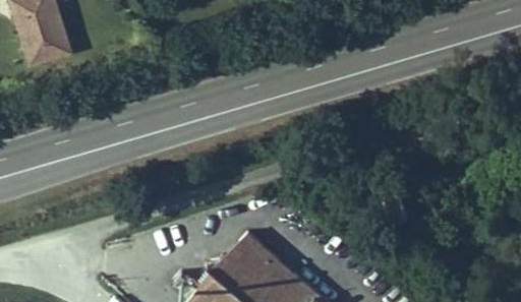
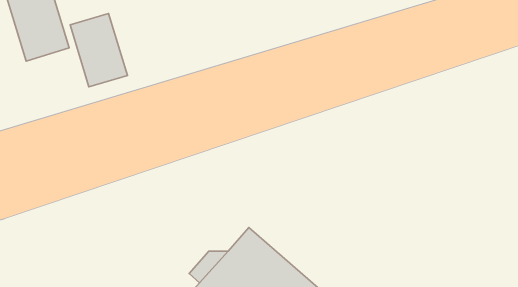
building: none -> [70,14,127,87]

